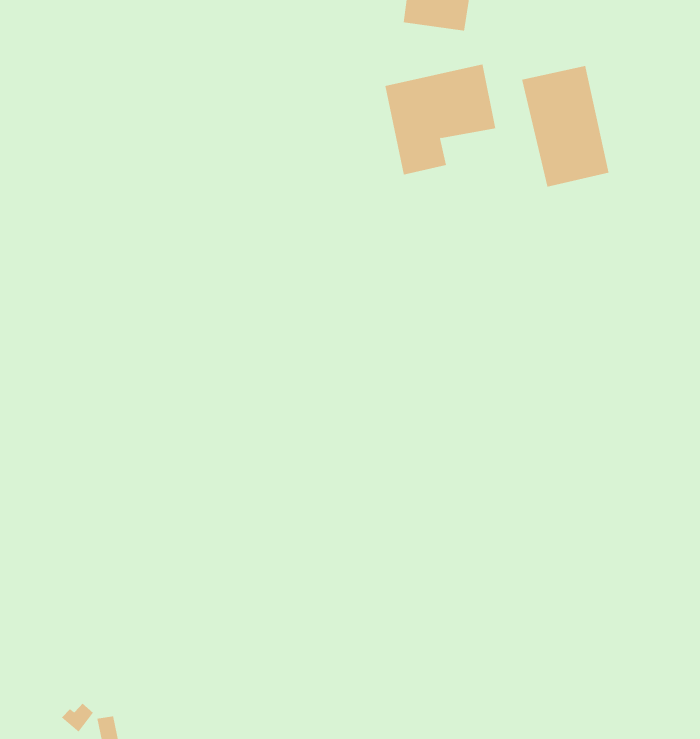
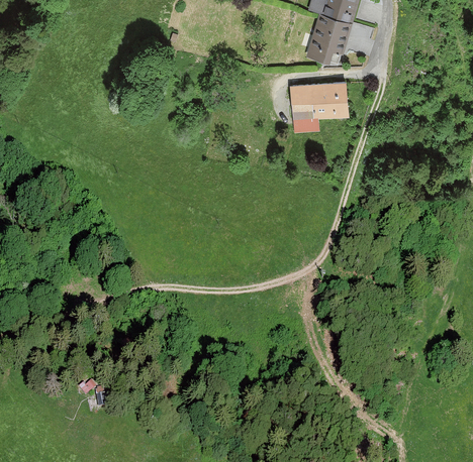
building: [521,65,609,188] -> none

